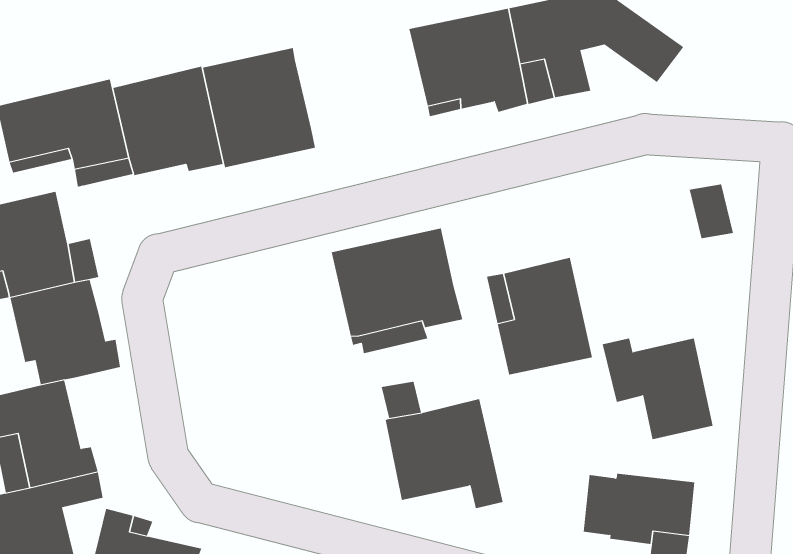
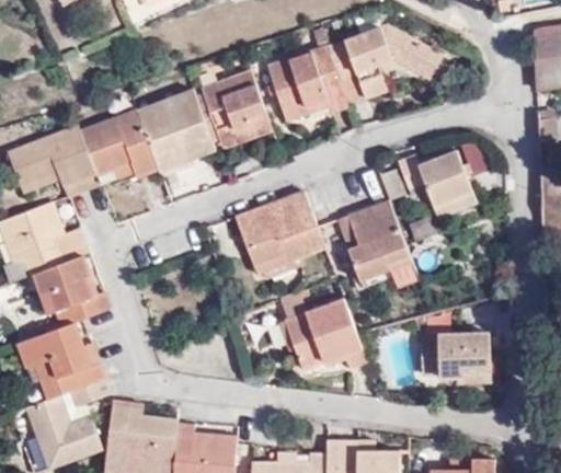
building: none -> [195,71,271,146]
building: [602,338,714,440] -> [397,150,476,219]

